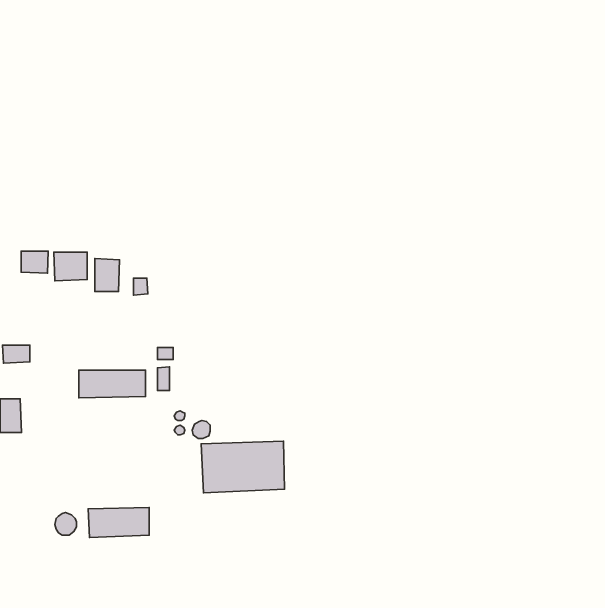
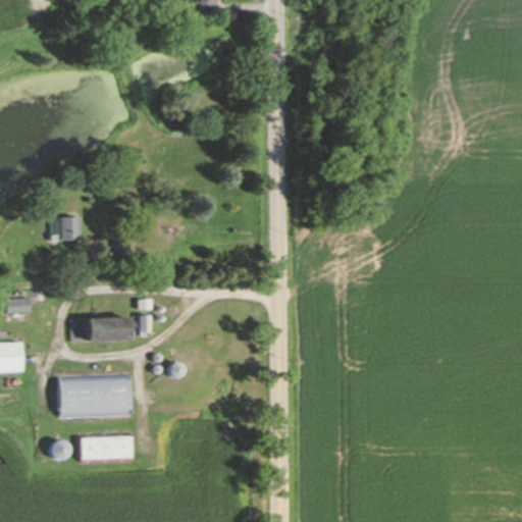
building: [21,251,48,273] -> none
building: [95,259,119,292] -> none
building: [201,441,285,493] -> [59,374,130,418]

